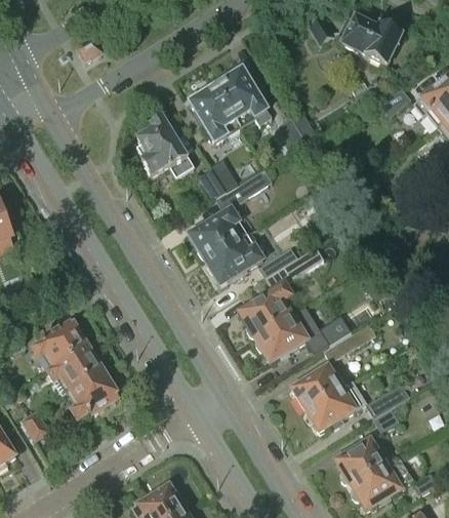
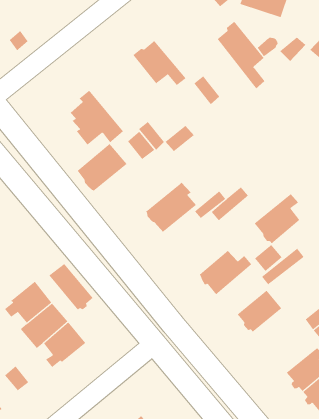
building: none -> [217,21,265,89]
building: [190,82,237,142] -> none
building: [190,207,247,258] -> [77,143,127,192]
building: [239,283,292,336] -> [254,193,300,244]
building: none -> [49,263,93,310]
building: [305,380,367,432] -> none

